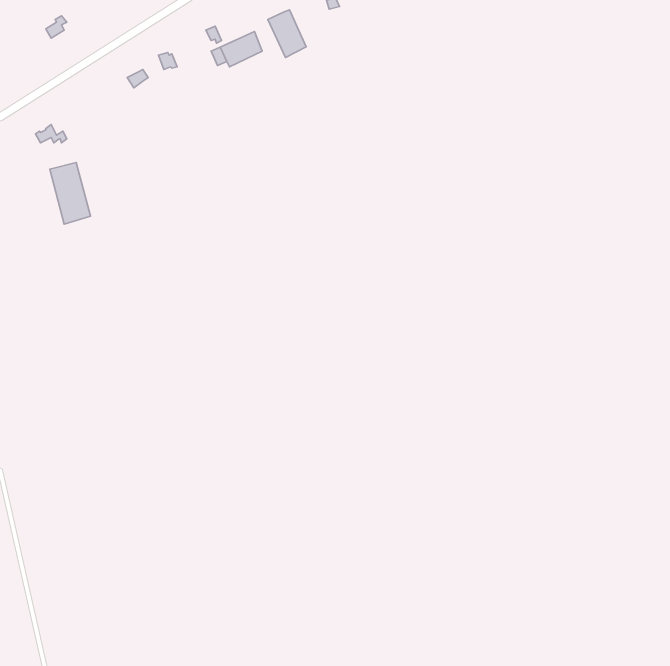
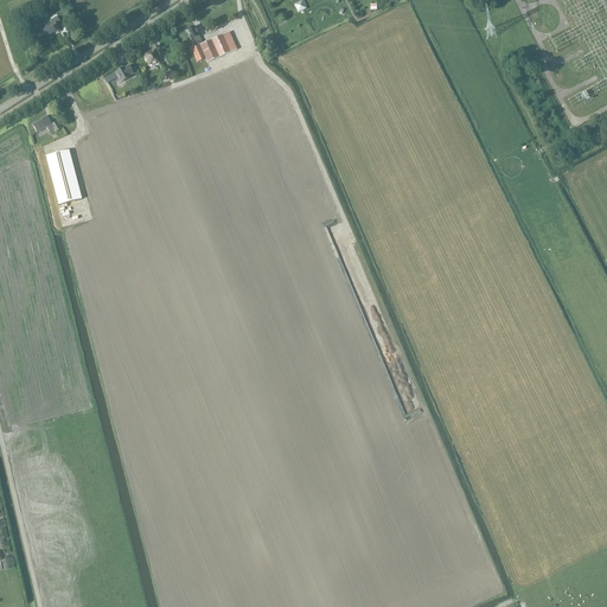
building: [268,10,306,58] -> none

